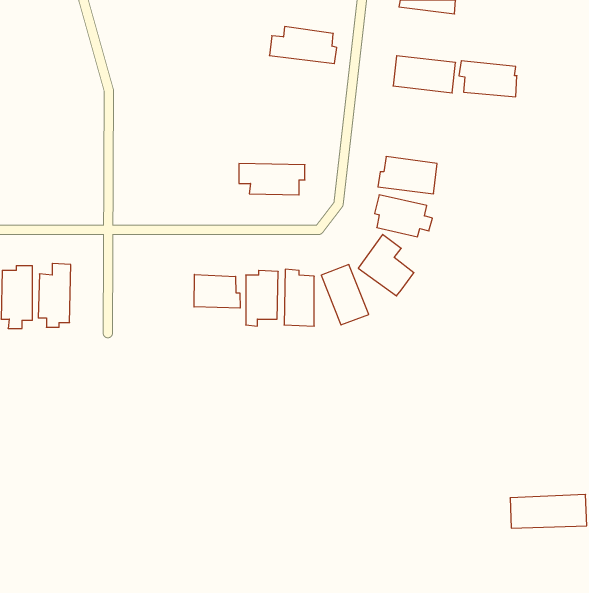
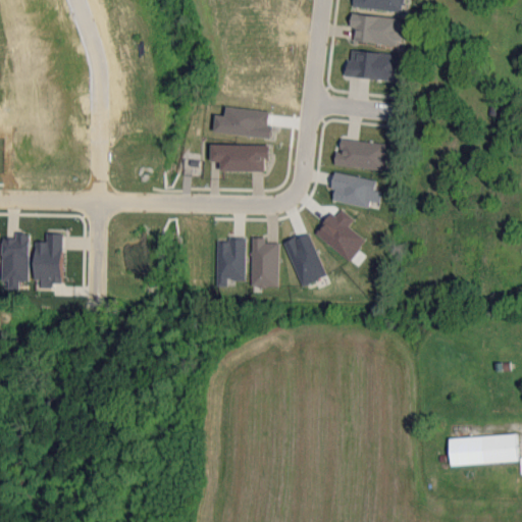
building: [269,27,337,64] -> [212,106,271,139]
building: [459,61,517,97] -> [349,13,400,45]
building: [194,274,240,308] -> none

